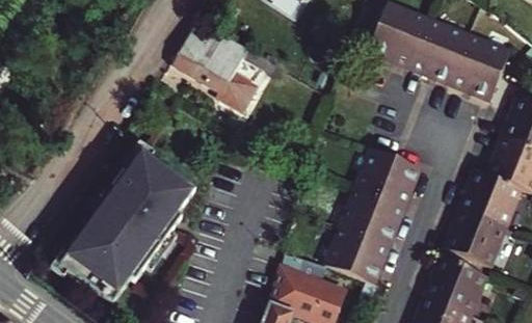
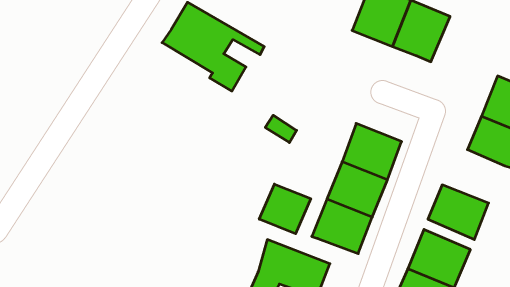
building: [449,37,510,101] -> none
building: [62,151,196,303] -> none
building: [460,170,525,230] -> none
building: none -> [259,184,311,234]

